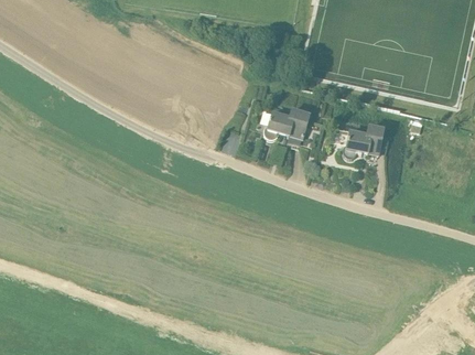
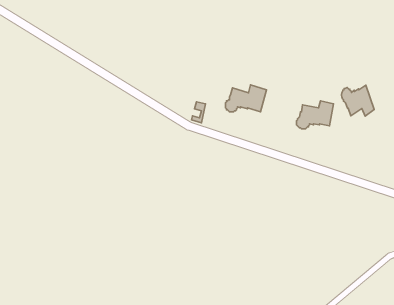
building: none -> [341,85,374,116]

